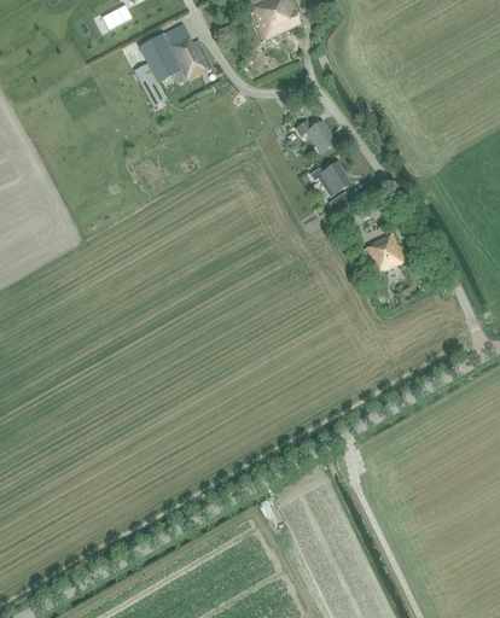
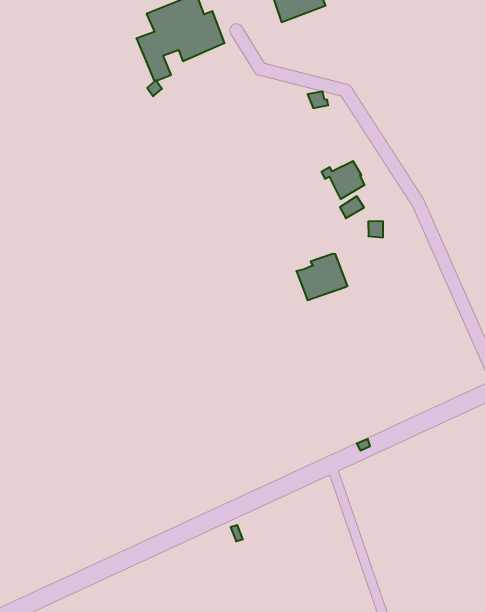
building: [295,118,335,153] -> none
building: [359,232,406,275] -> [296,254,348,300]

